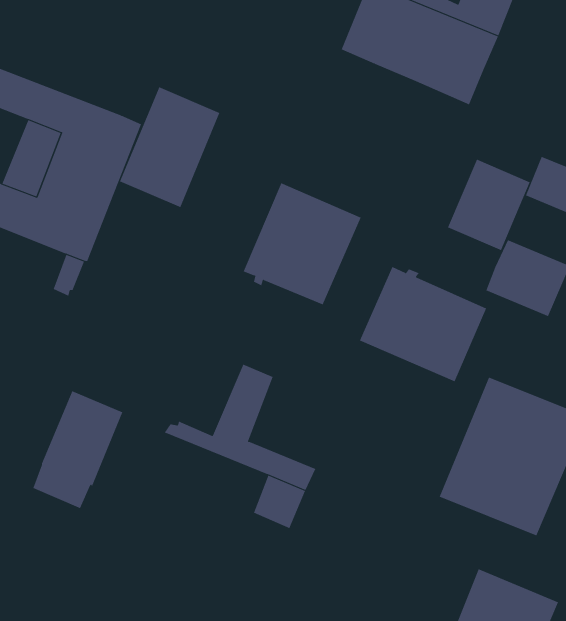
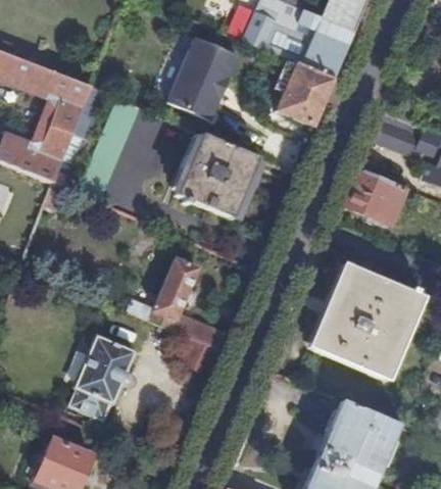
building: [119,87,220,208] -> [168,35,239,119]
building: [447,159,531,251] -> [277,61,335,126]
building: [359,266,487,382] -> none
building: [32,390,123,509] -> [69,335,133,418]

